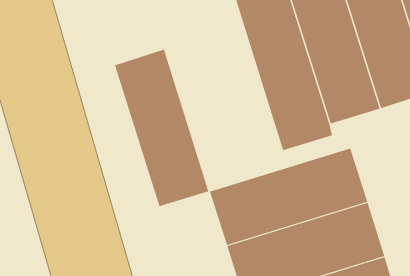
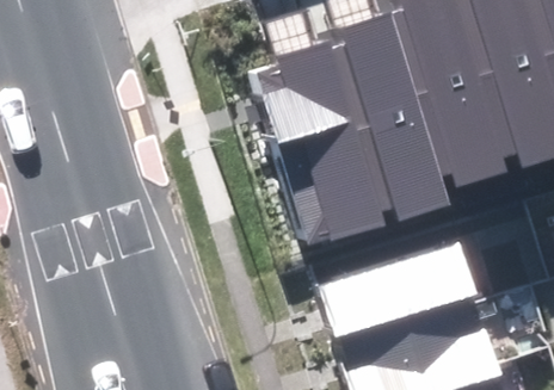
building: [114,49,209,207] -> [269,43,388,241]

